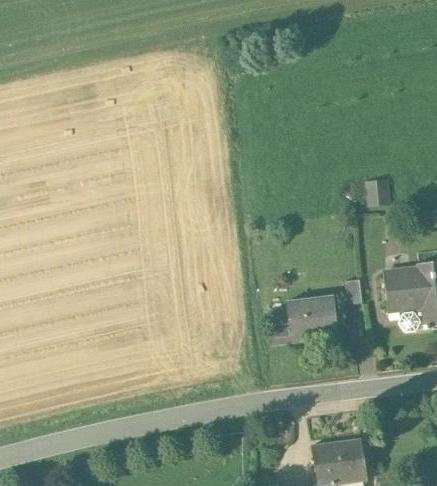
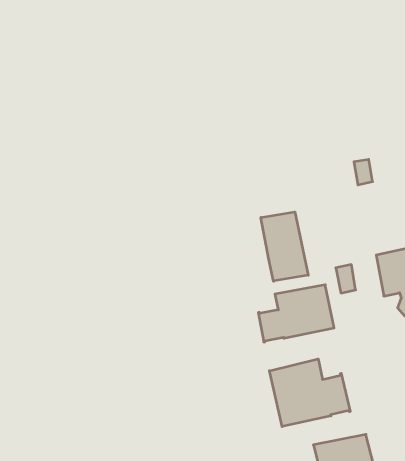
building: none -> [261,212,308,281]
building: none -> [269,359,350,427]

